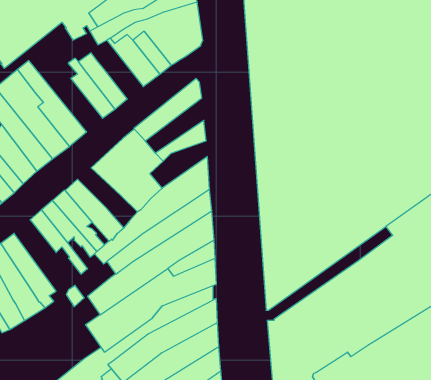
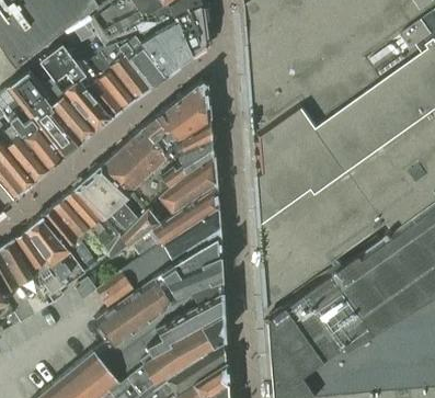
building: none -> [98,43,150,100]
building: none -> [39,45,111,132]
building: none -> [152,99,209,152]
building: none -> [157,140,213,186]
building: none -> [87,167,145,225]
building: none -> [25,217,84,286]

